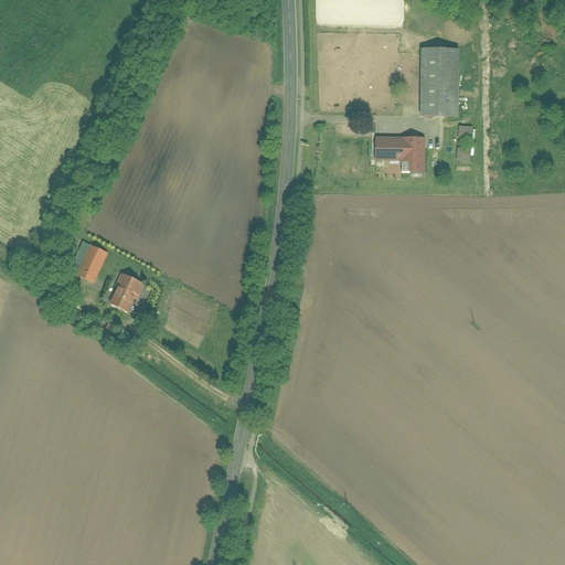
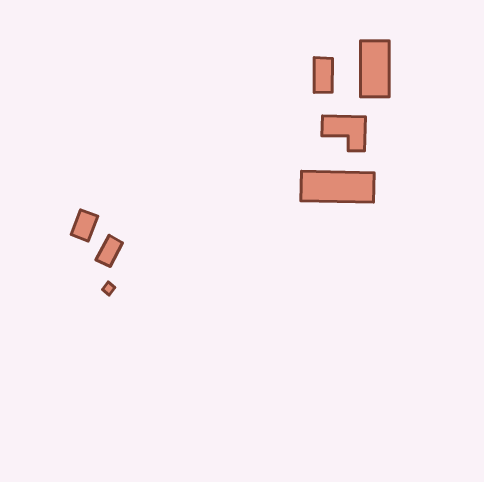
building: none -> [314,57,333,93]
building: none -> [301,171,374,202]

